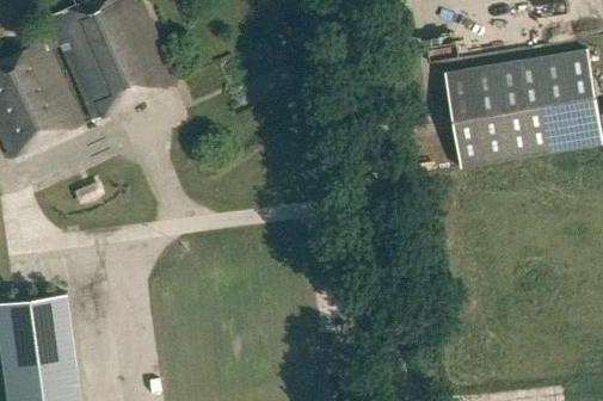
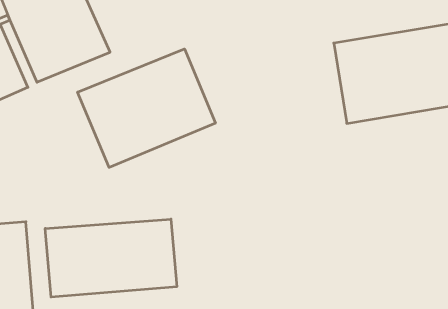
building: none -> [78,49,215,167]
building: none -> [45,219,177,297]

